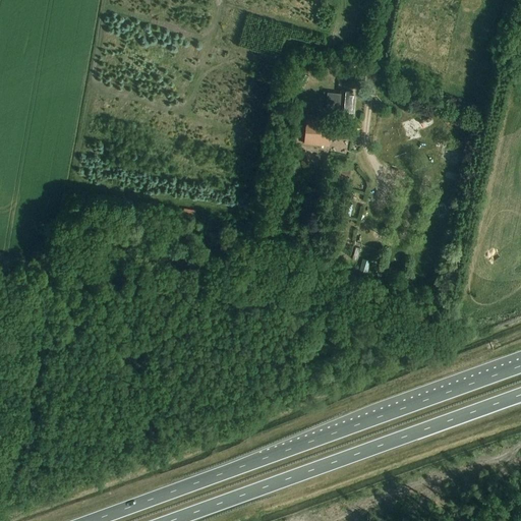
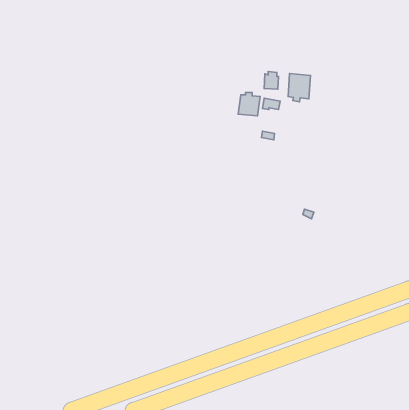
building: none -> [288,73,310,102]

